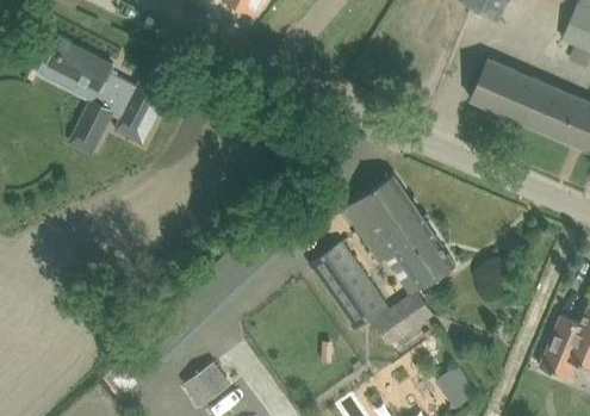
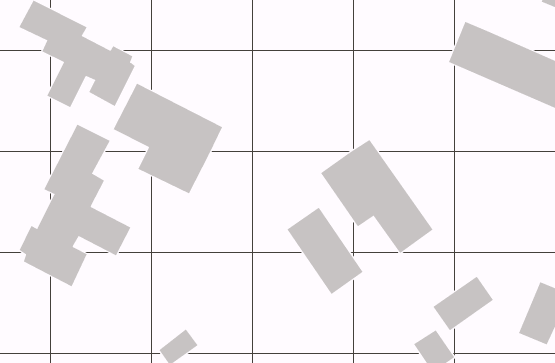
building: none -> [113,83,223,194]
building: none -> [19,124,131,287]
building: [373,291,434,346] -> [432,276,494,331]

